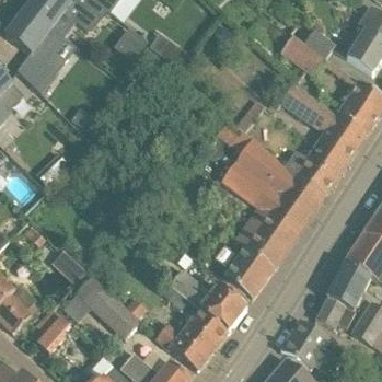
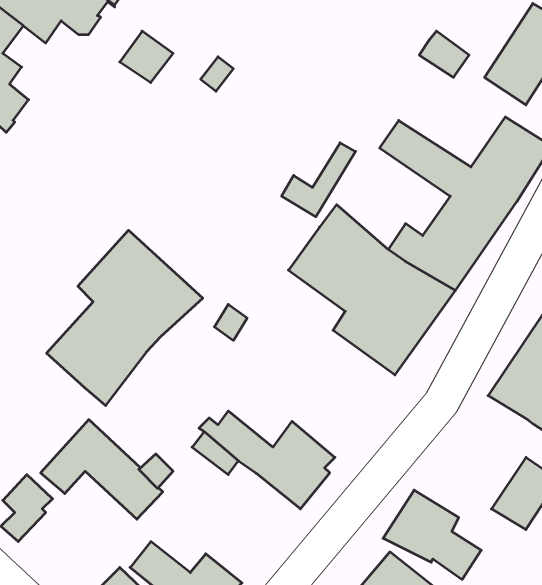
building: [280,35,325,74] -> none
building: none -> [47,230,203,406]
building: [222,218,288,300] -> none
building: [49,247,85,281] -> none
building: [315,259,372,329] -> none
building: [154,309,228,371] -> none

